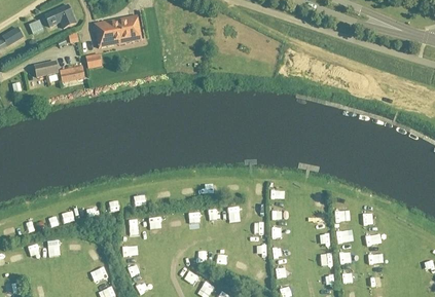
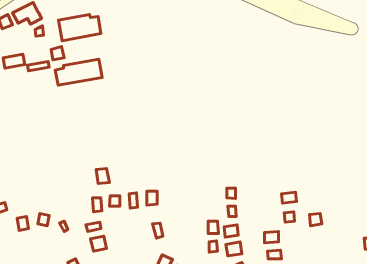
building: none -> [55,59,102,85]

